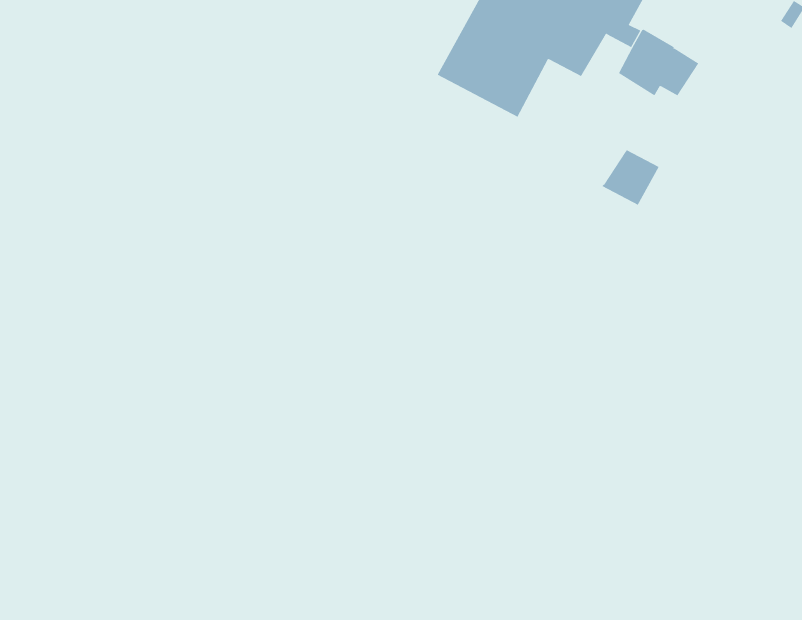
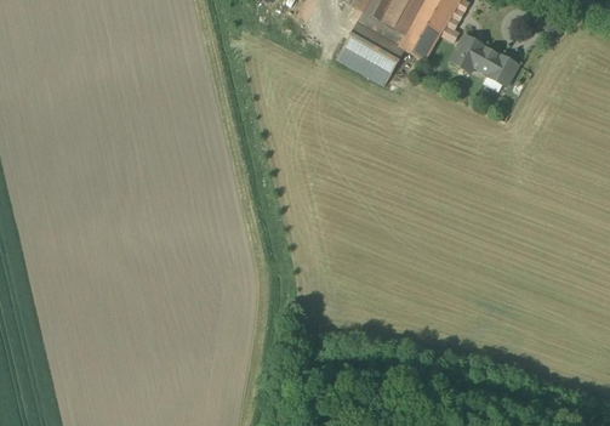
building: [602,149,659,205] -> [484,52,520,87]

